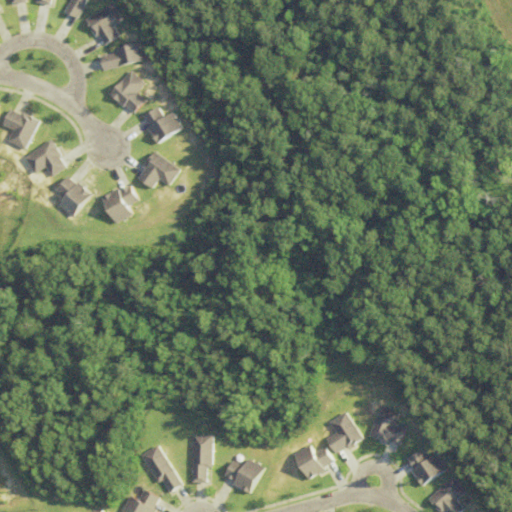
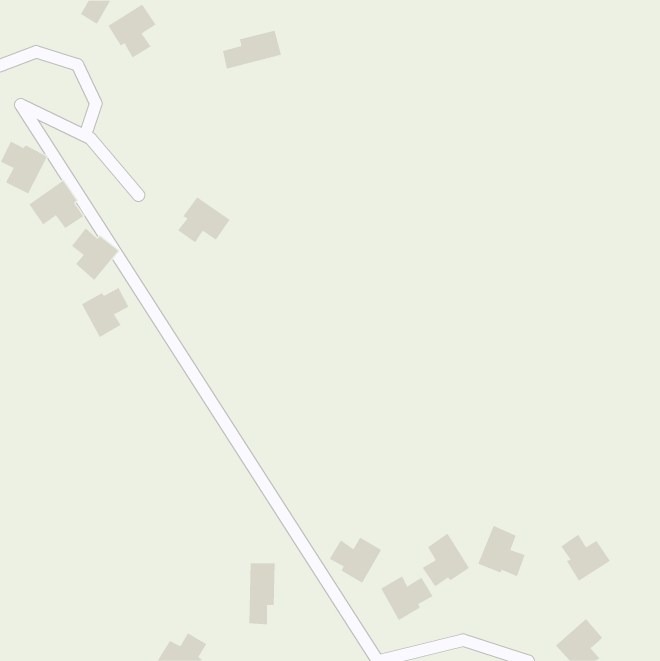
building: [98,41,144,71] -> [222,30,282,69]
building: [106,70,143,113] -> none
building: [141,107,180,144] -> none
building: [101,185,138,224] -> [81,287,129,338]
building: [141,445,183,492] -> none
building: [408,449,447,486] -> [561,534,611,582]
building: [224,458,265,494] -> [329,537,382,583]

